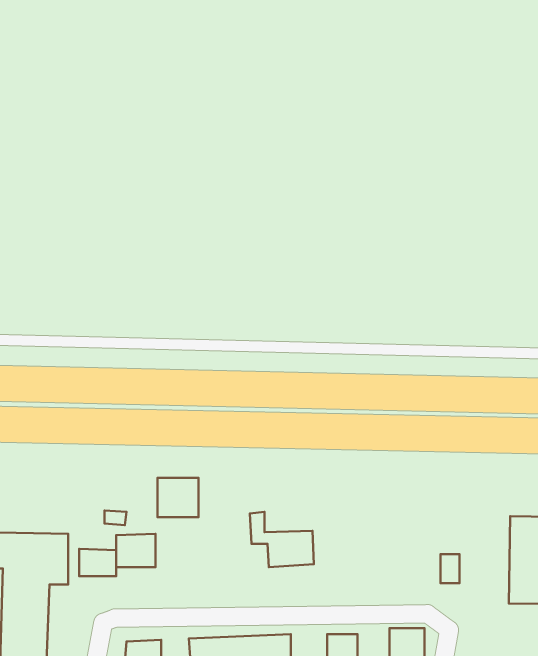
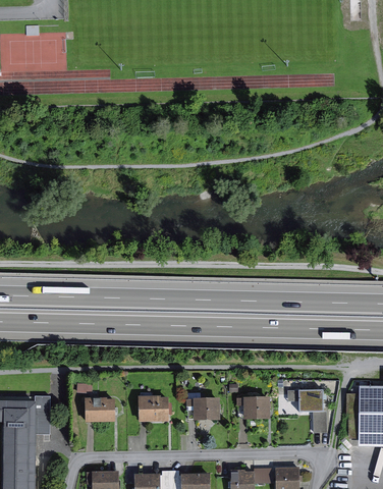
building: [158,478,198,517] -> [141,394,169,422]
building: none -> [237,388,269,413]
building: none -> [286,391,320,413]
building: [79,549,116,576] -> none

